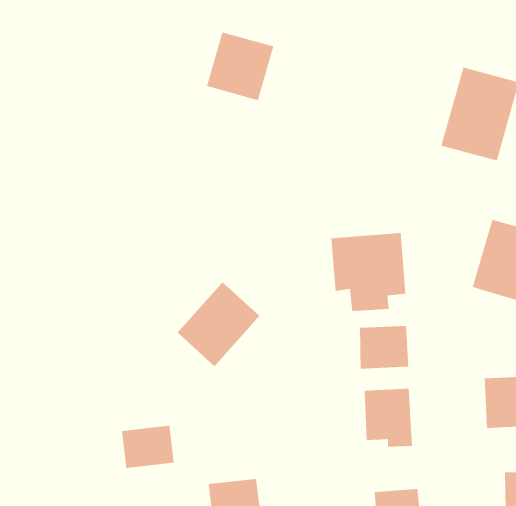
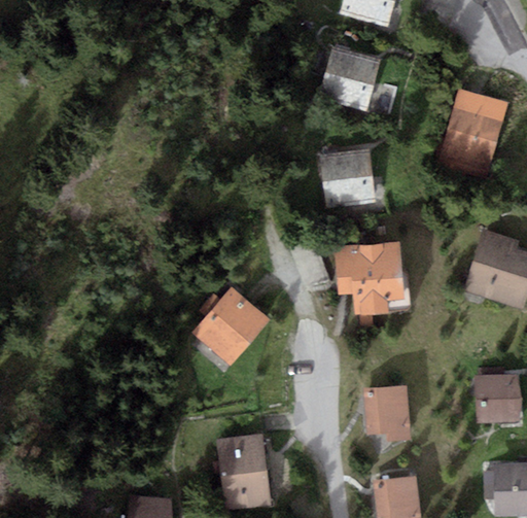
building: [206,32,274,101] -> [318,46,381,110]
building: none -> [319,149,376,207]
building: [359,325,409,370] -> none
building: [121,425,174,469] -> [216,435,266,475]

